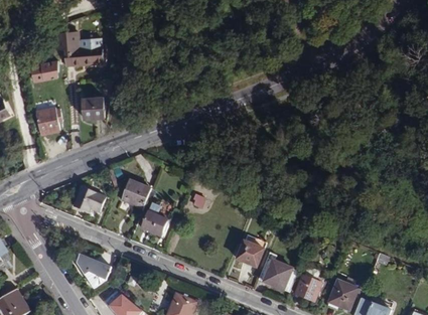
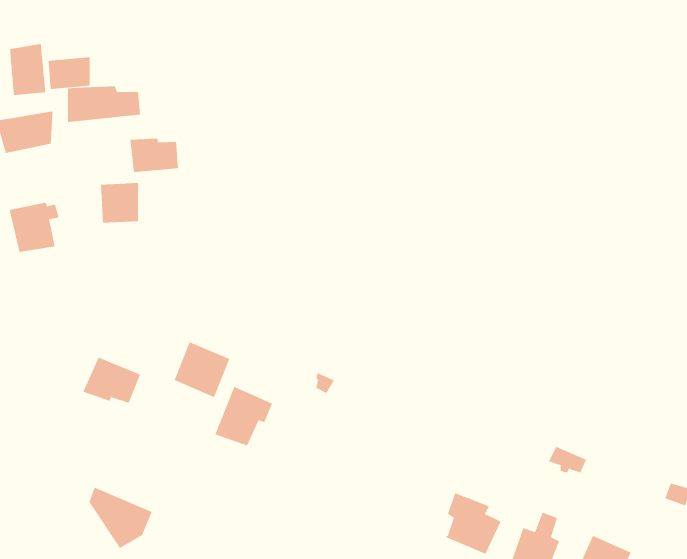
building: none -> [9,43,46,96]
building: none -> [130,138,179,173]
building: [237,234,266,267] -> none

